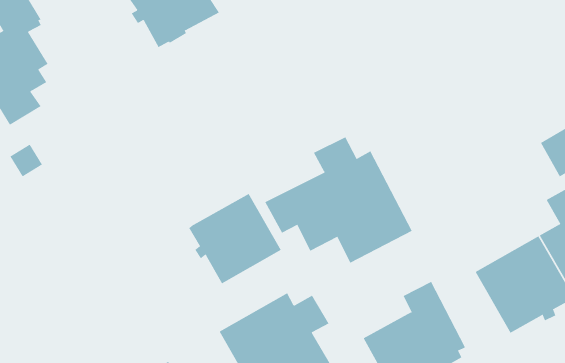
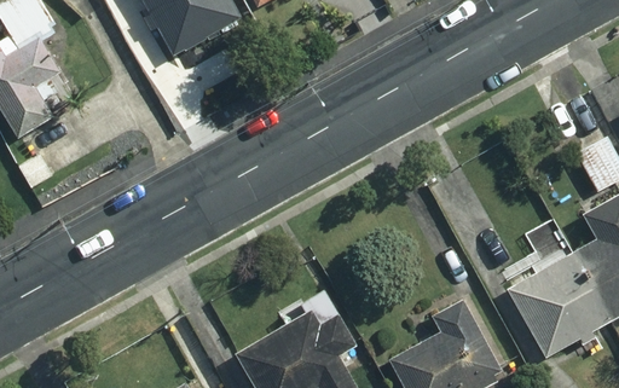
building: [264,137,413,263] -> none
building: [189,193,282,284] -> none

